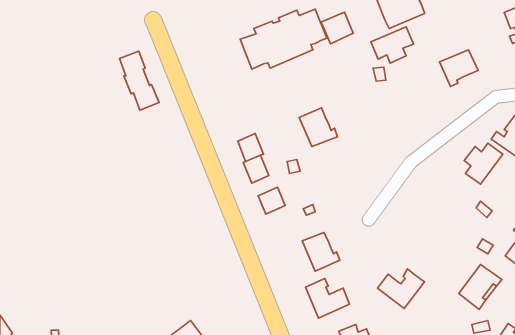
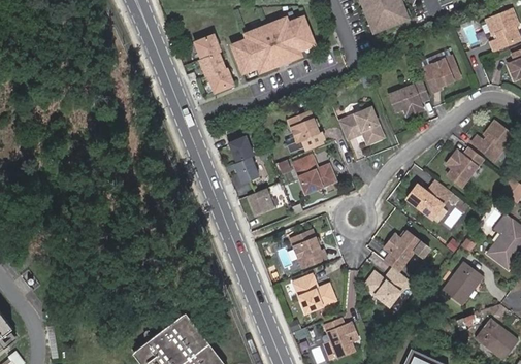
building: [321,12,353,44] -> none
building: [371,27,414,63] -> [389,80,430,115]
building: [119,51,159,110] -> [195,36,233,93]
building: none -> [339,109,385,145]
building: none -> [294,156,335,193]
building: none -> [406,180,452,217]
building: none -> [384,230,421,271]

